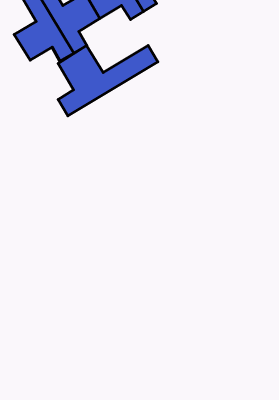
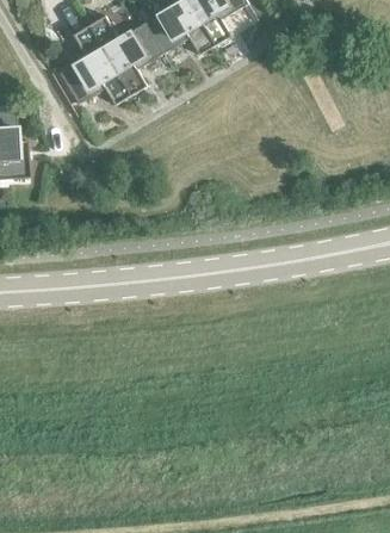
building: [58,45,158,116] -> none

